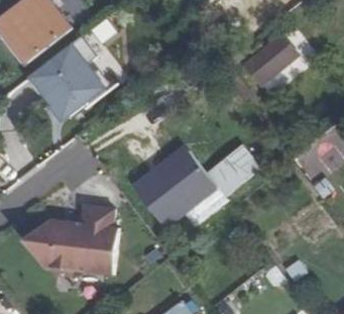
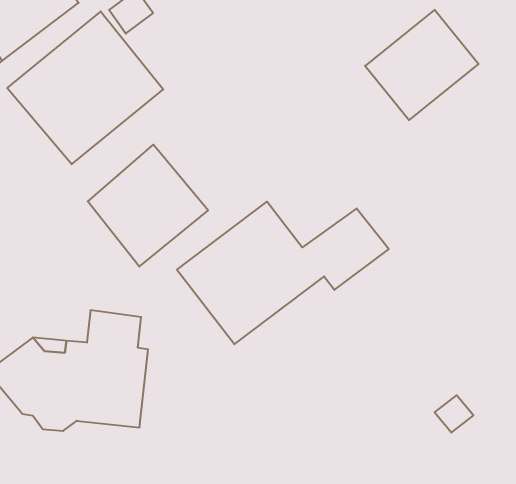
building: none -> [88,145,208,267]

